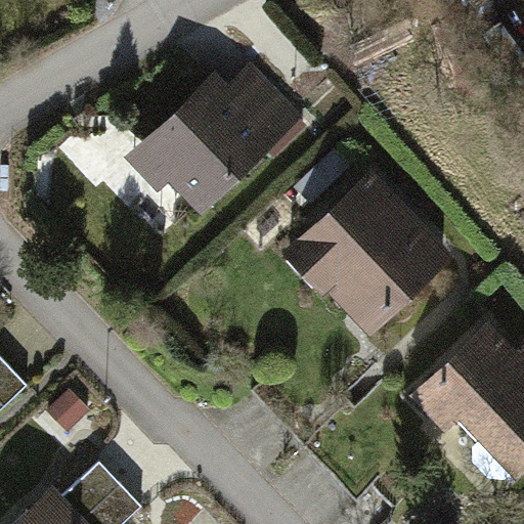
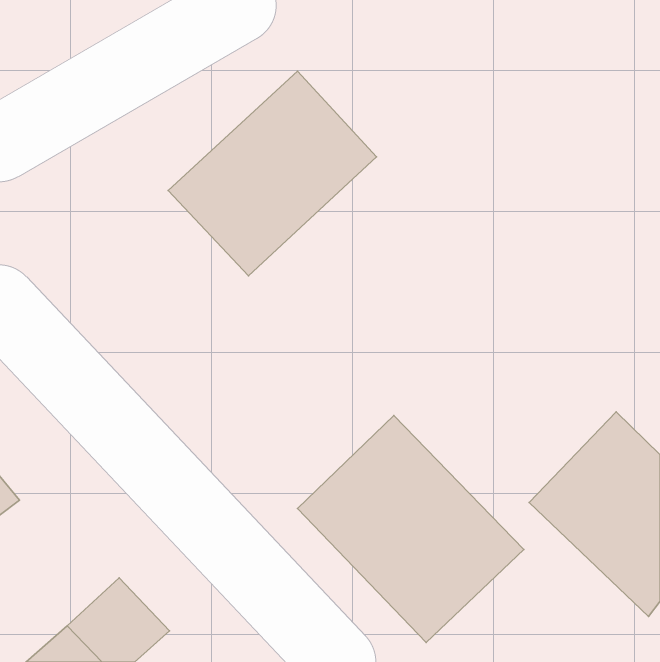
building: [291,173,458,340] -> none
building: none -> [297,415,524,643]

